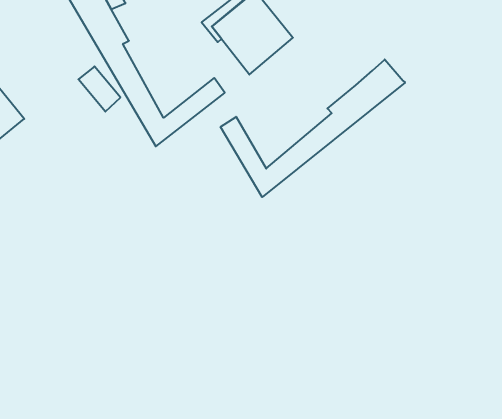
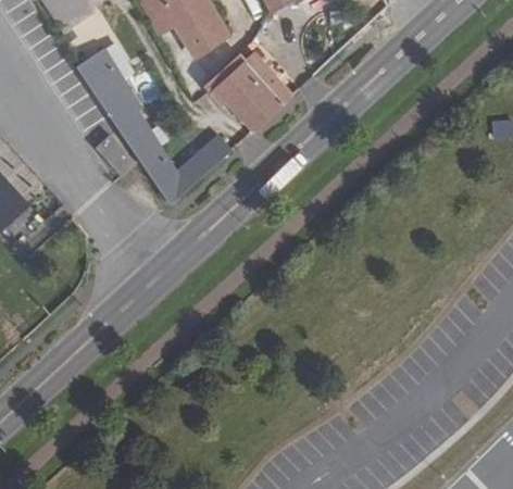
building: [221,59,405,197] -> none

